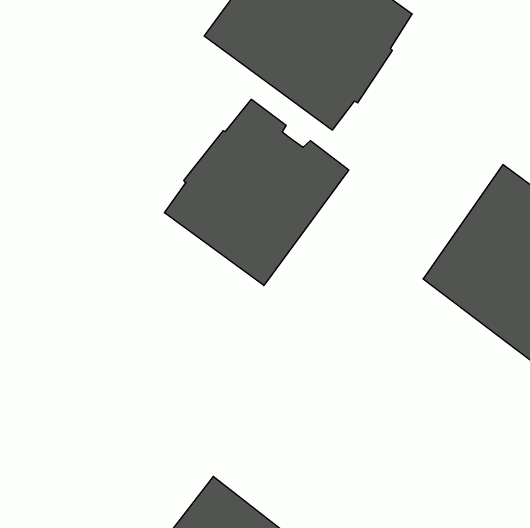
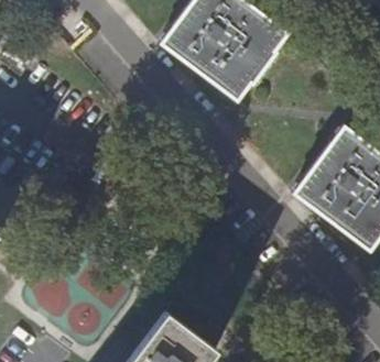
building: [164,99,349,286] -> none

